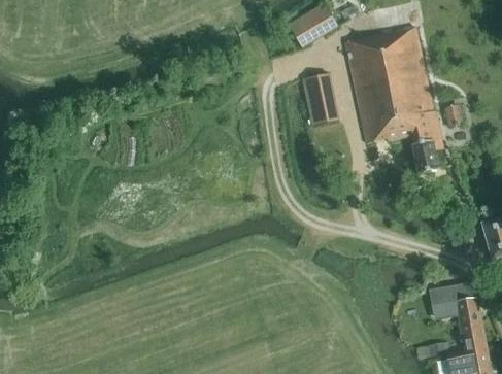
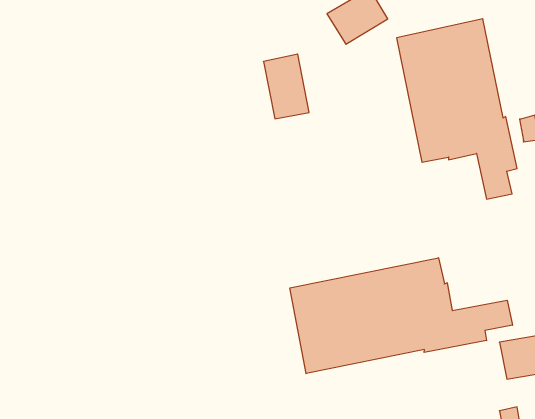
building: [301,72,338,125] -> [263,54,309,119]
building: none -> [290,258,512,374]

